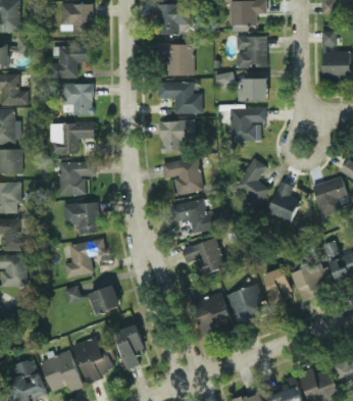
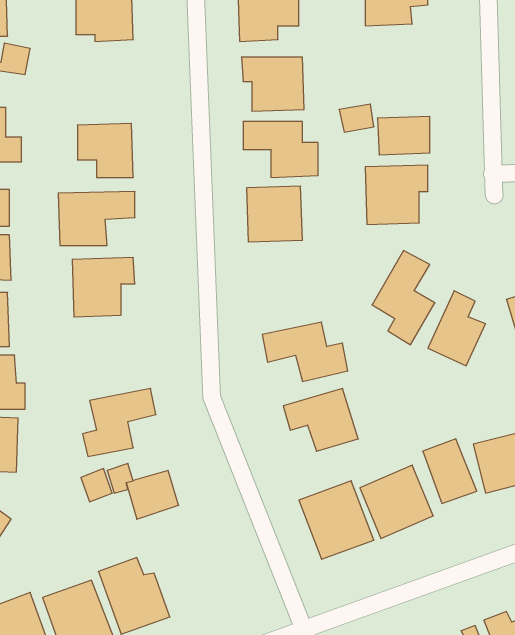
building: [237,36,267,67] -> none
building: [49,45,94,79] -> none
building: [161,156,203,195] -> none
building: [62,202,100,234] -> none
building: [116,324,147,369] -> none

